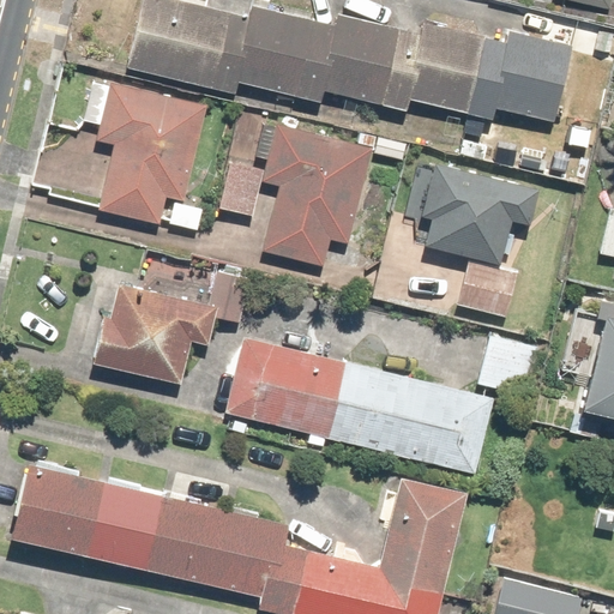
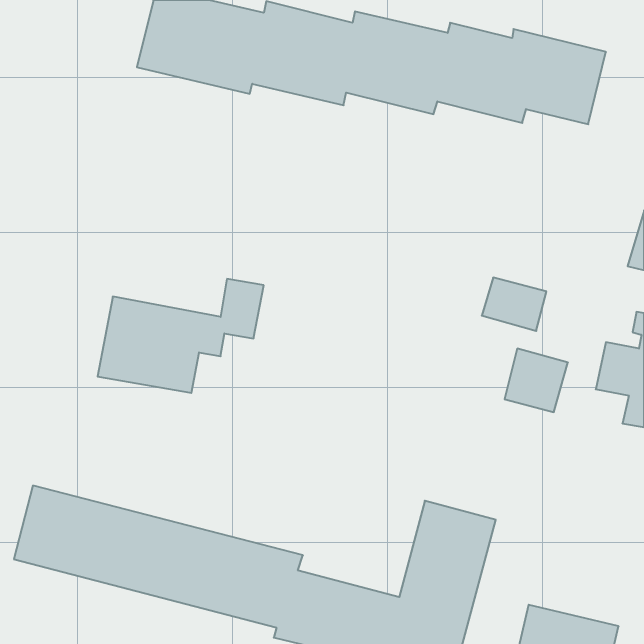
building: [83,79,207,222] -> none
building: [221,119,372,264] -> none
building: [423,162,538,266] -> none
building: [228,341,489,472] -> none

